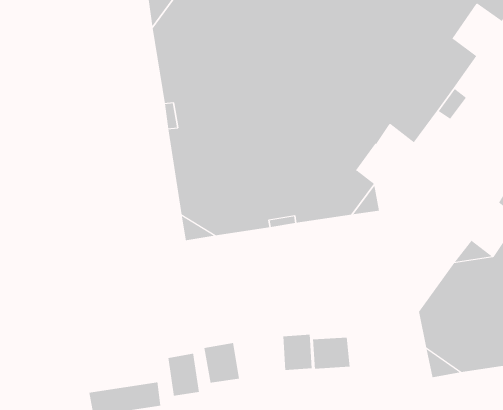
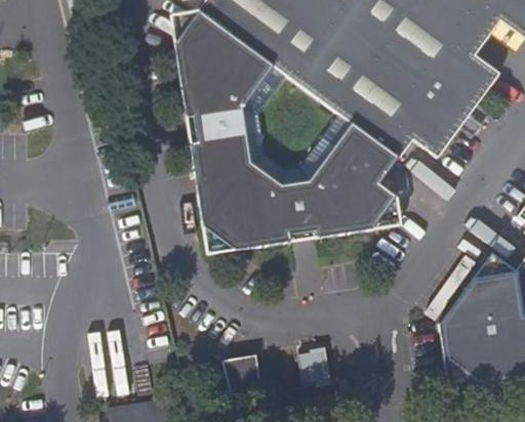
building: [313,337,350,369] -> none
building: [168,353,199,396] -> none

